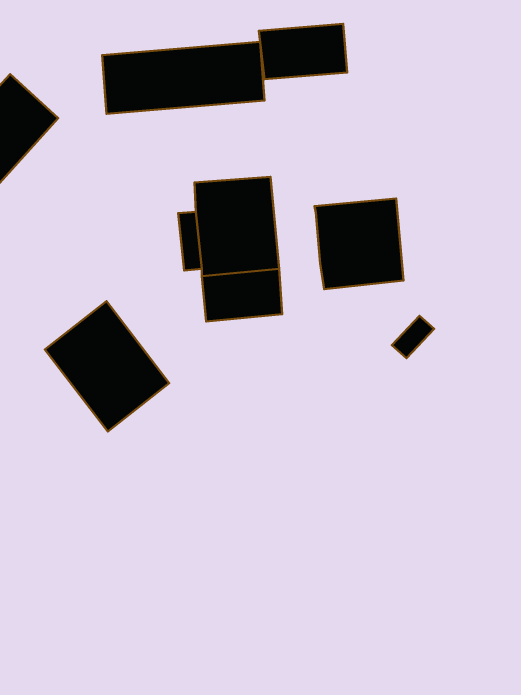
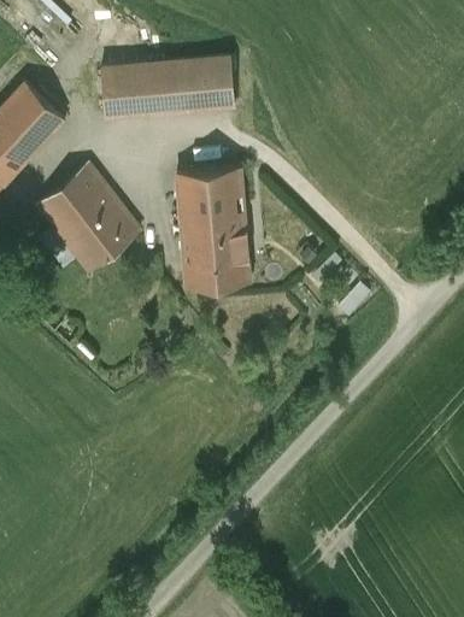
building: [259,24,347,79] -> none
building: [315,199,404,289] -> none
building: [45,301,169,431] -> [37,163,140,270]

